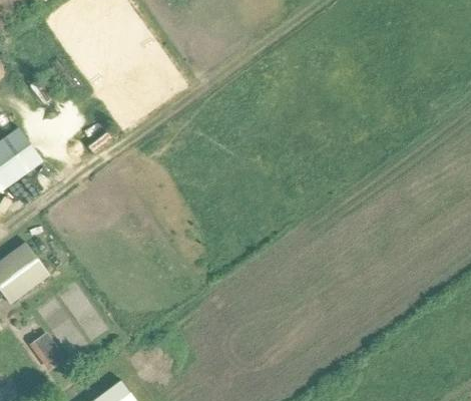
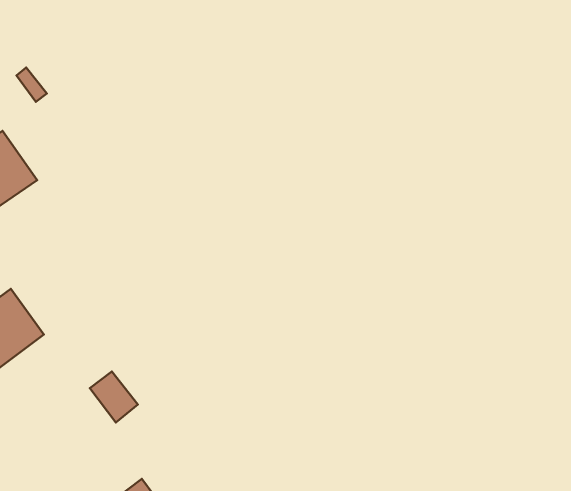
building: [29,332,64,369] -> [90,372,138,422]

